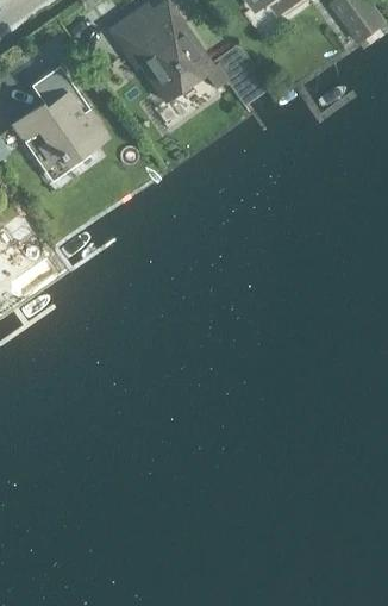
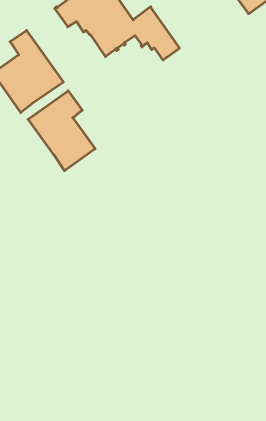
building: none -> [28,91,95,171]

